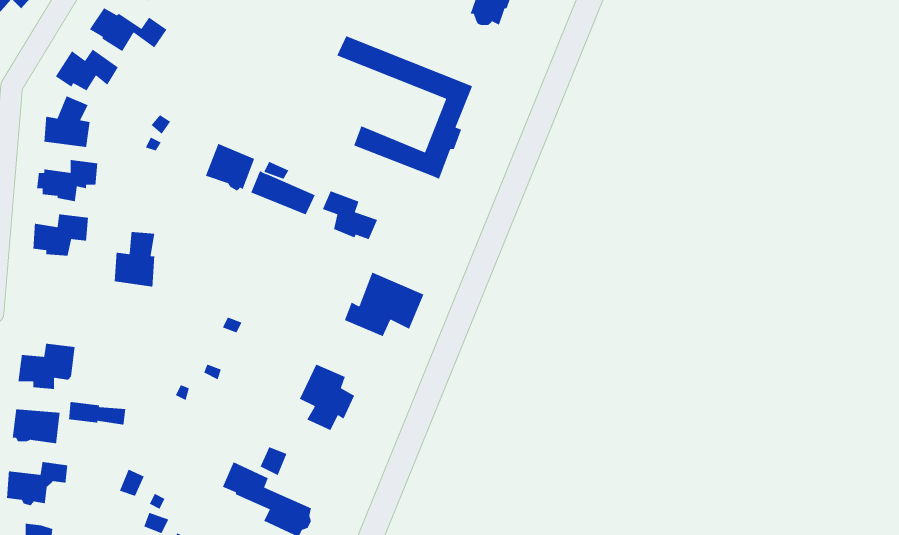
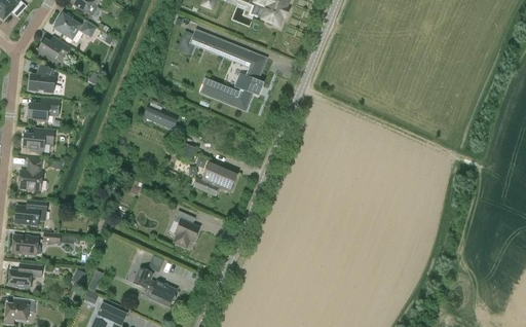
building: [205,143,255,191] -> none
building: [322,190,378,240] -> none
building: [114,231,155,287] -> [18,158,41,189]

